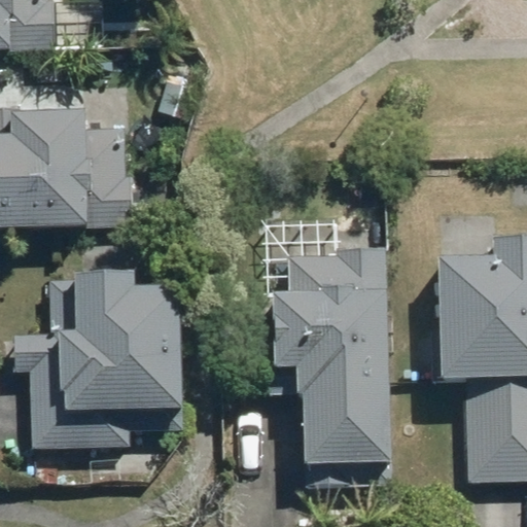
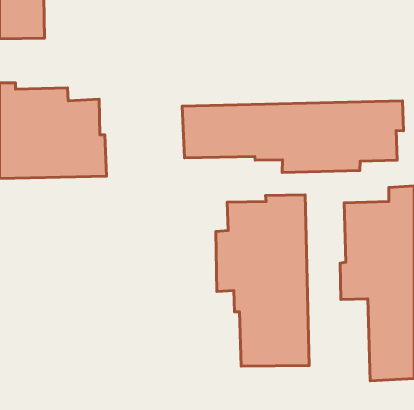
building: none -> [182,101,404,173]
building: [13,271,183,448] -> none

